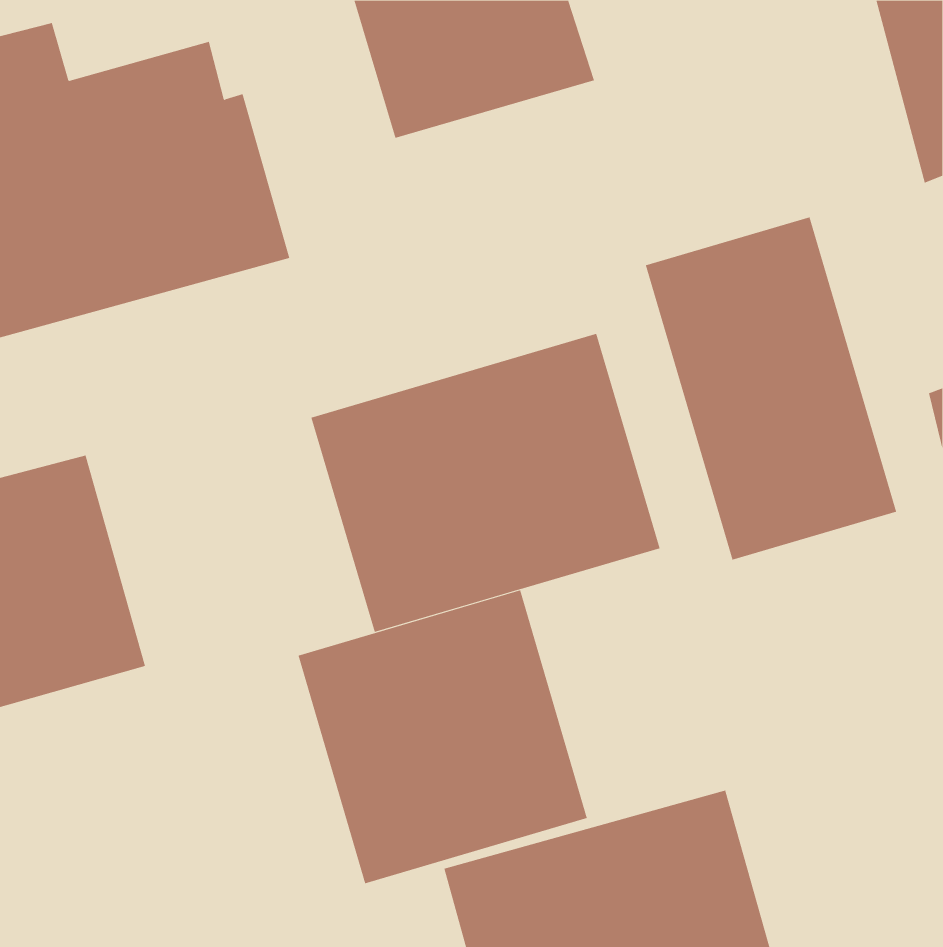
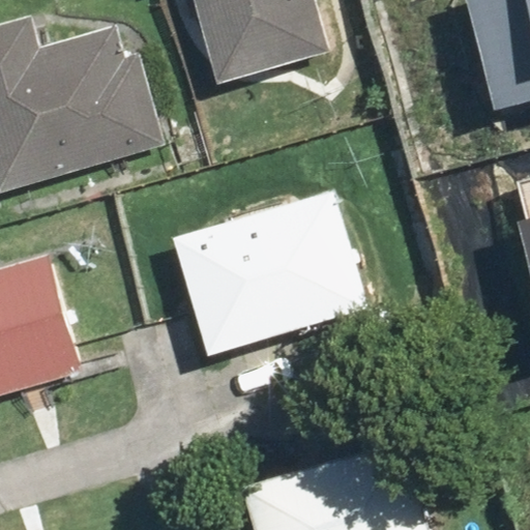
building: [645,217,897,560] -> none
building: [298,590,588,884] -> none

